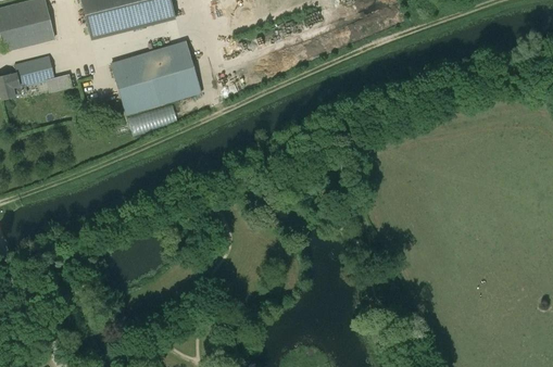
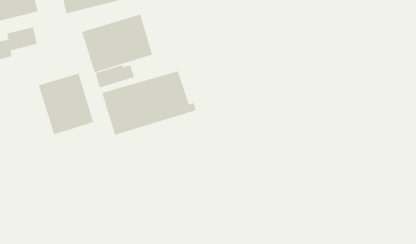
building: none -> [102,70,197,135]
building: none -> [38,73,94,135]

